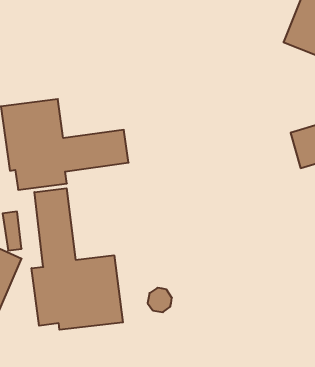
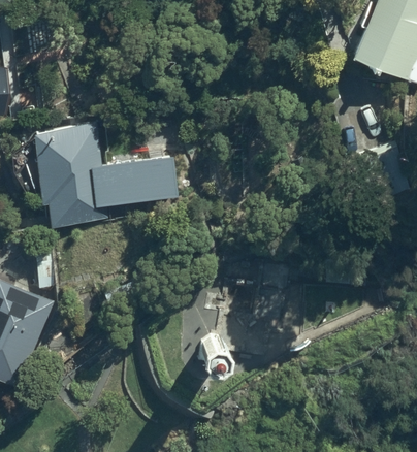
building: [32,188,123,330] -> none

